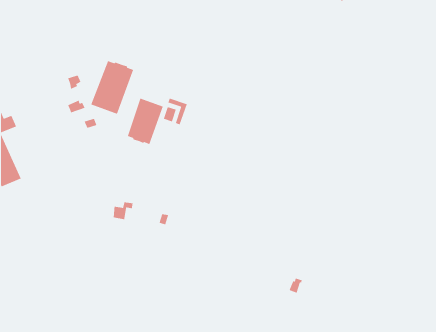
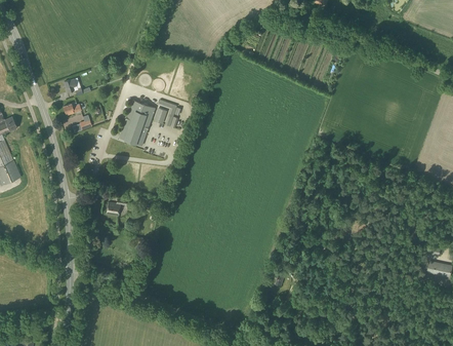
building: [90,60,134,115] -> none

